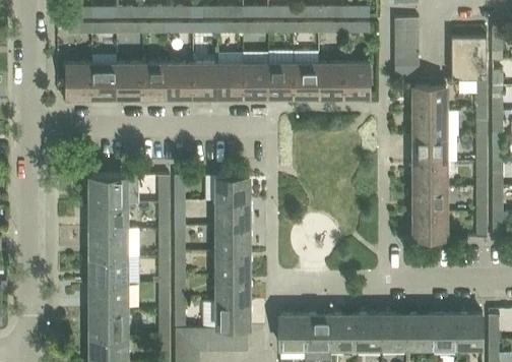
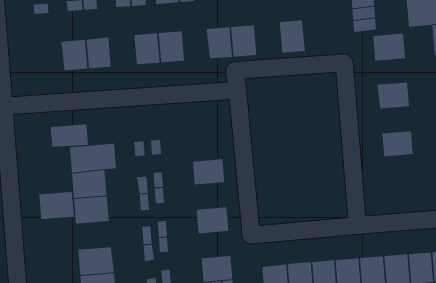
building: [293,64,318,97] -> none
building: [342,64,370,97] -> none
building: [141,65,167,97] -> none
building: [217,65,243,97] -> none
building: [65,66,91,97] -> none
building: [413,113,446,137] -> none
building: none -> [50,123,89,148]
building: [414,163,446,188] -> none
building: [216,176,249,201] -> none
building: [414,213,446,239] -> none
building: [216,226,249,251] -> none
building: [90,256,126,283] -> [38,191,75,220]
building: [216,277,249,302] -> none

